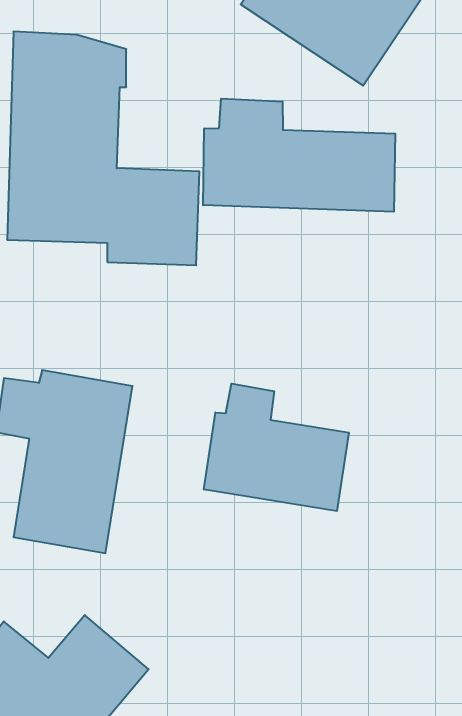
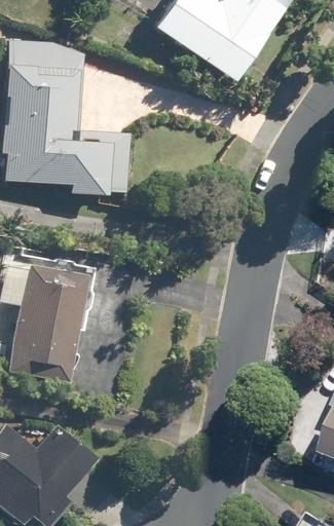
building: [203,99,395,212] -> none
building: [204,384,349,511] -> none

